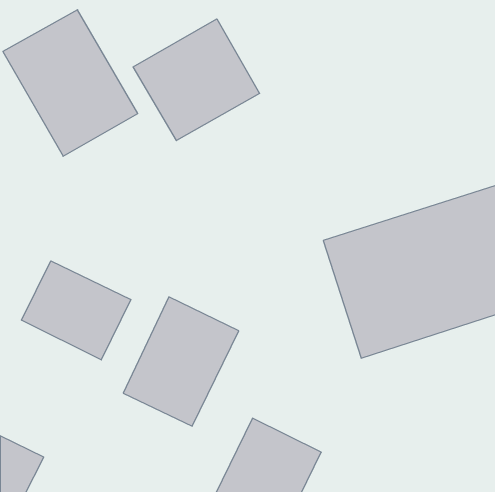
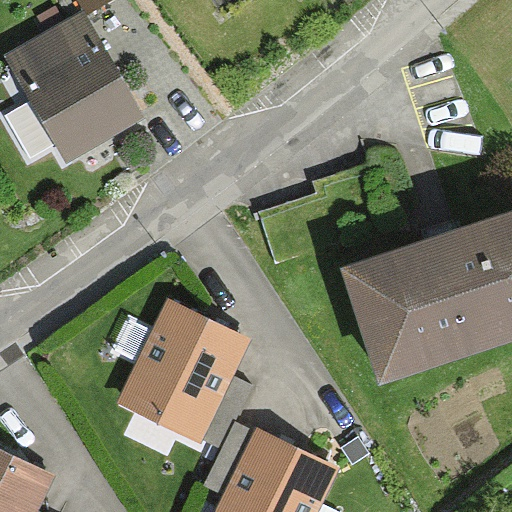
building: [133,19,260,141] -> none
building: [22,261,131,360] -> none

